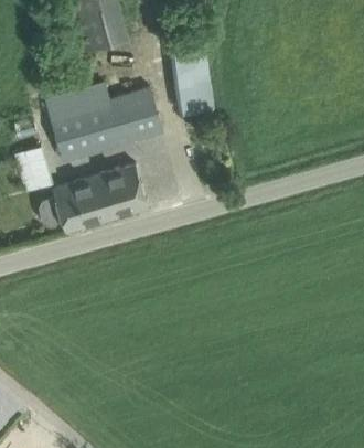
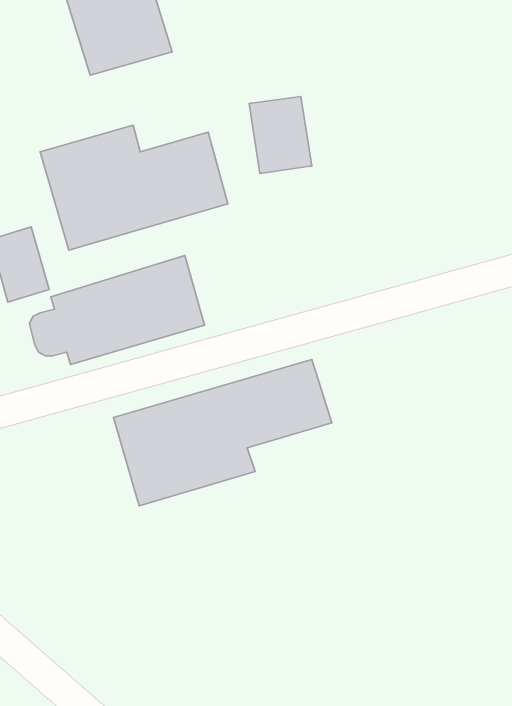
building: none -> [113,360,332,506]

